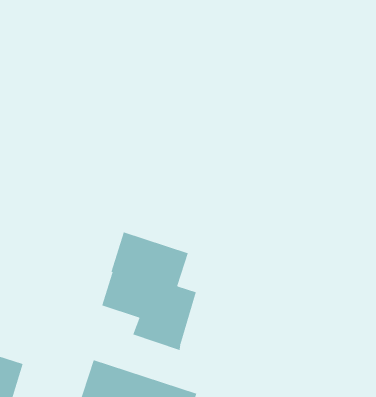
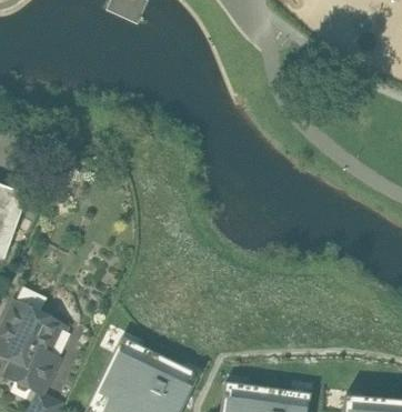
building: [101,232,197,351] -> none

